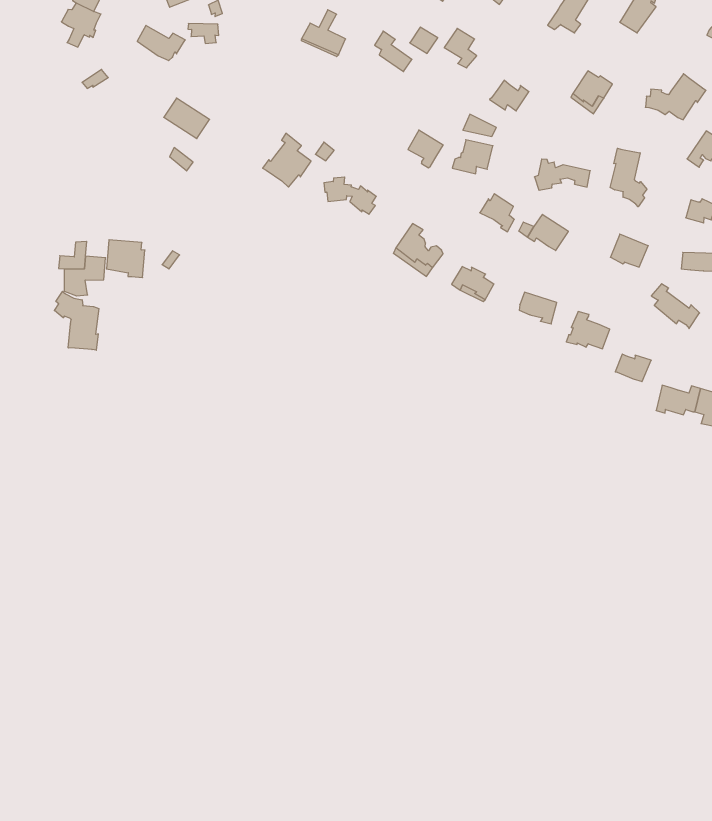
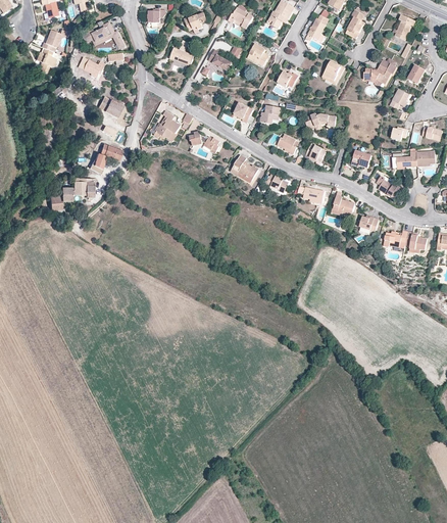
building: [610,148,647,207] -> none
building: none -> [89,143,121,174]
building: [54,291,99,350] -> none

